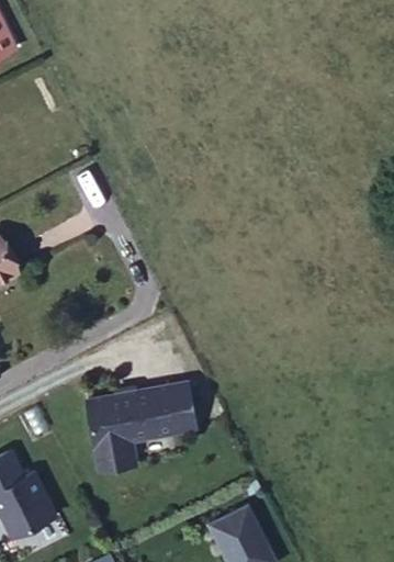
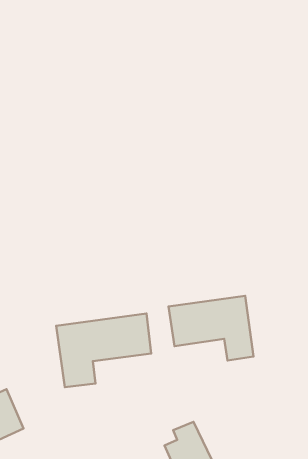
building: none -> [168,296,253,361]

